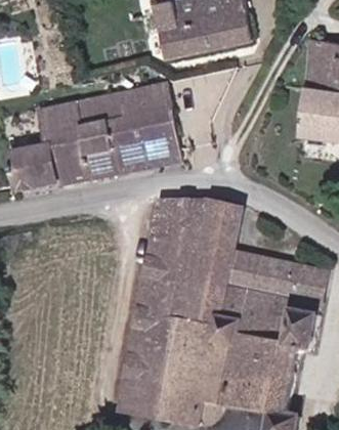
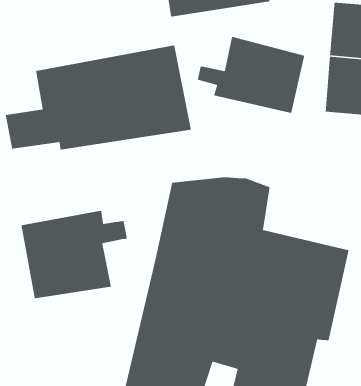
building: none -> [197,36,305,114]
building: none -> [21,210,128,299]

